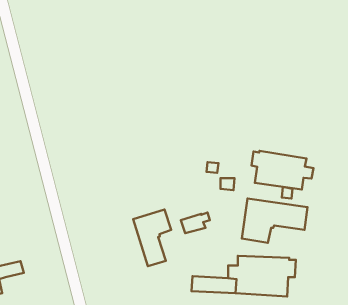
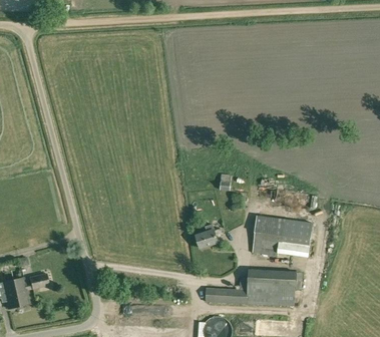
building: [251,151,314,190] -> none
building: [133,210,171,266] -> none

